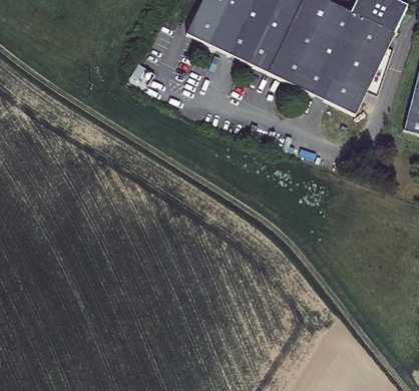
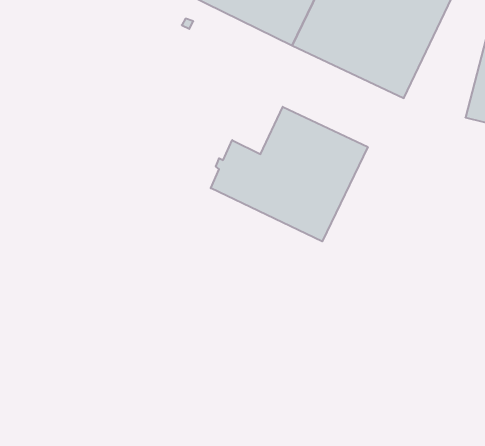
building: none -> [211,107,368,241]

